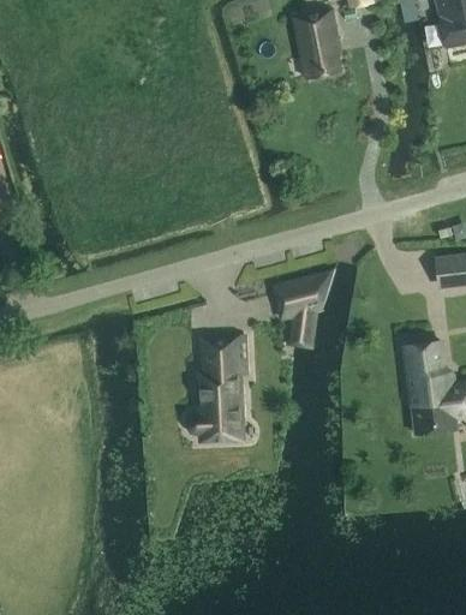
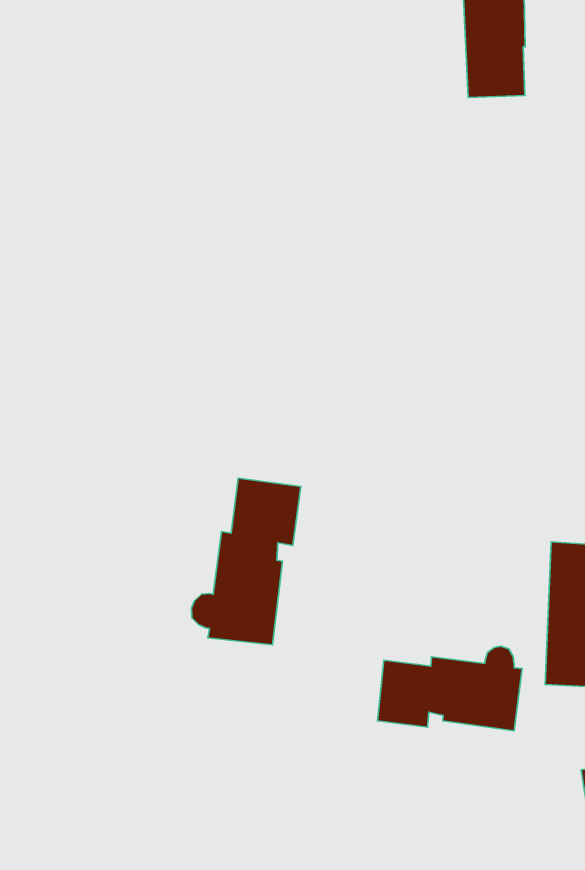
building: [270,268,334,350] -> none
building: none -> [377,646,522,731]

